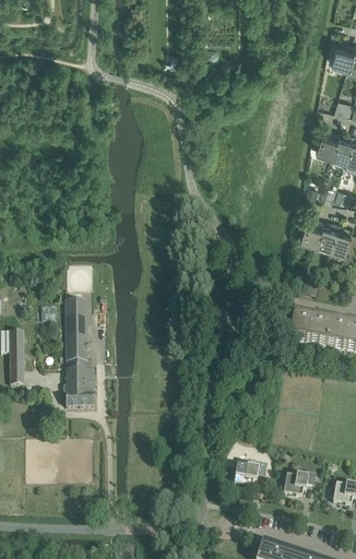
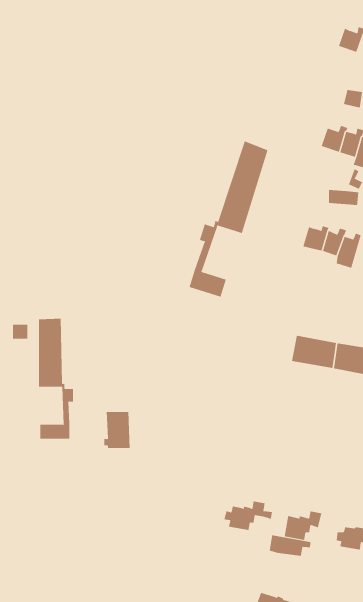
building: none -> [189,141,268,297]
building: [63,360,87,393] -> [103,411,131,448]
building: none -> [269,535,311,557]

